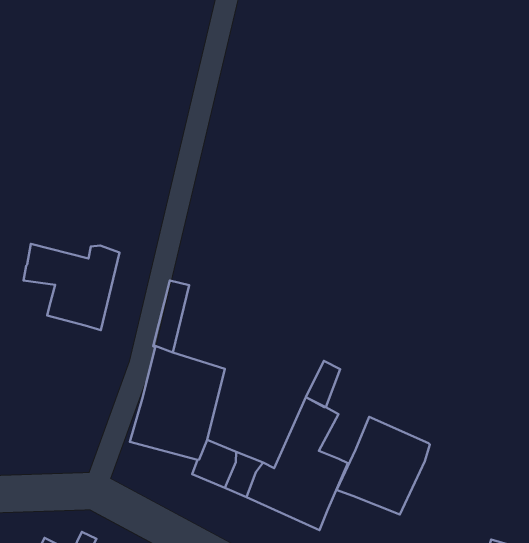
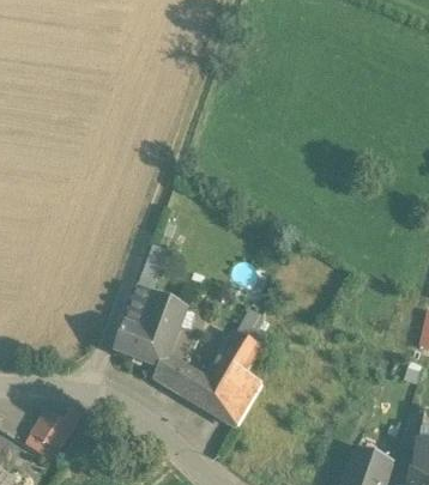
building: [24,244,120,330] -> none
building: [336,417,430,515] -> none

